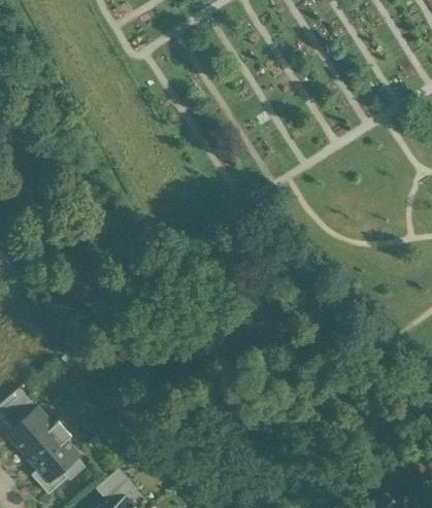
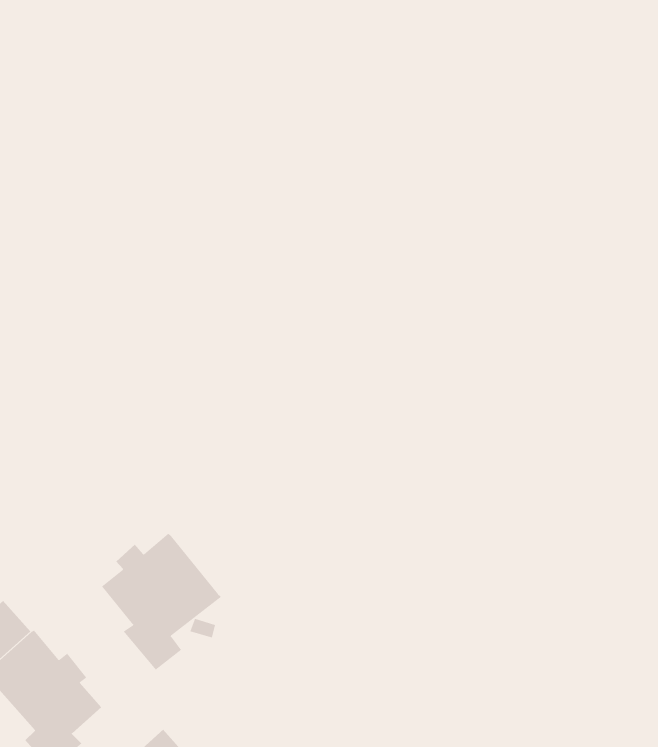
building: none -> [101,533,222,670]

